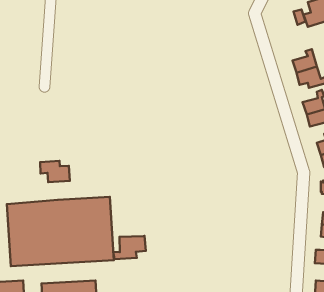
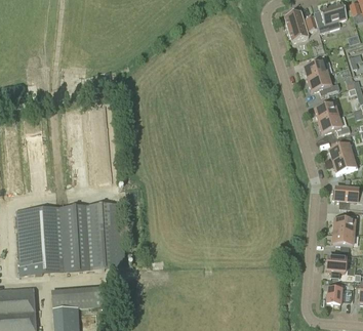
building: none -> [285,9,309,40]
building: [40,161,70,182] -> none
building: [113,236,146,259] -> none

